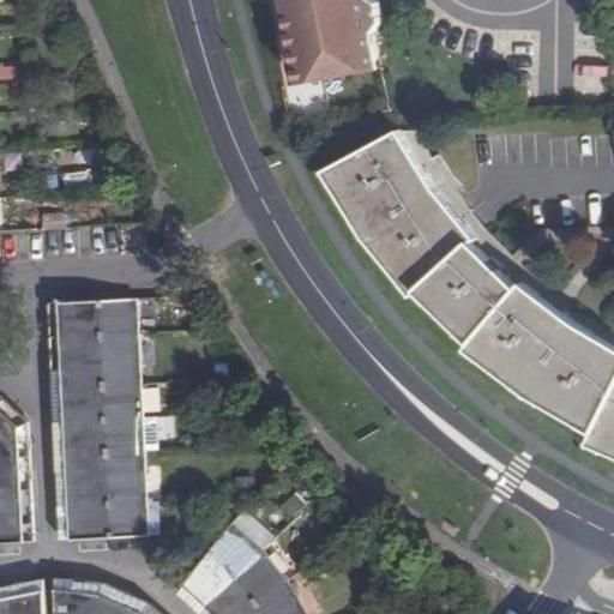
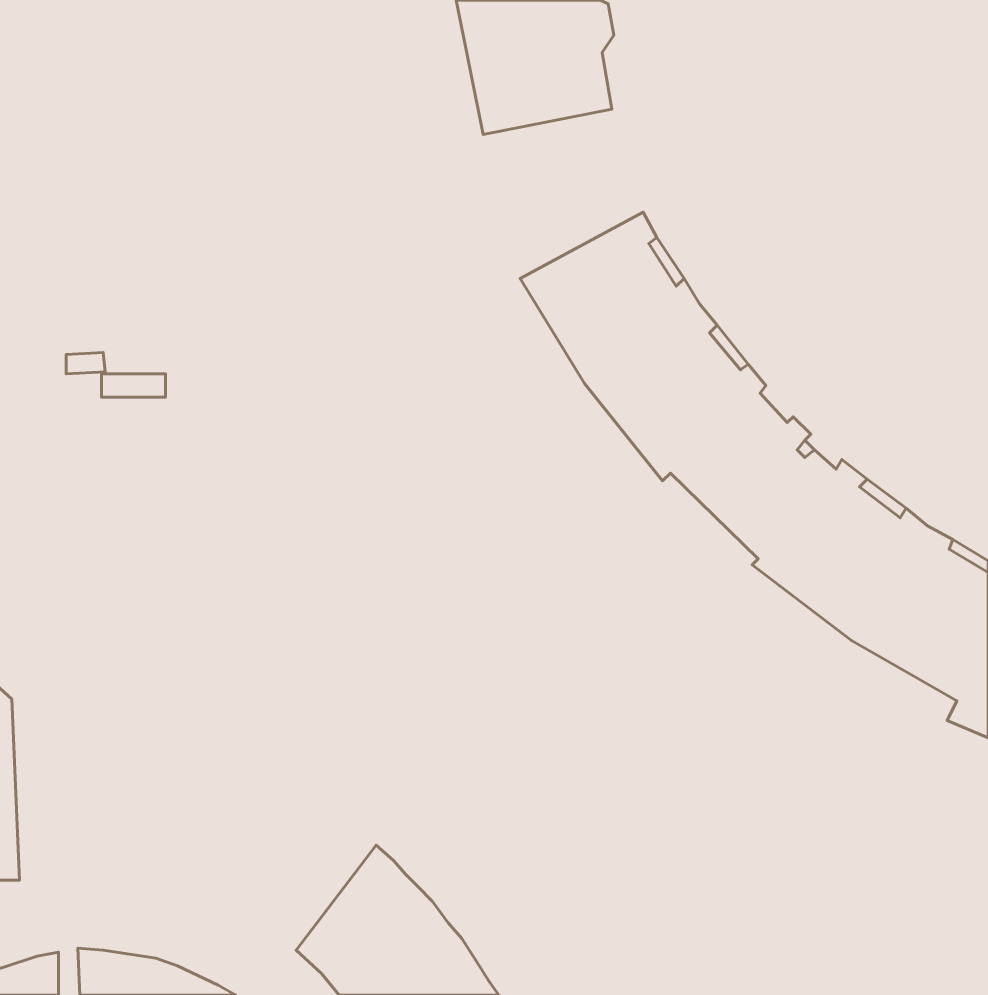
building: [56,300,148,540] -> none

